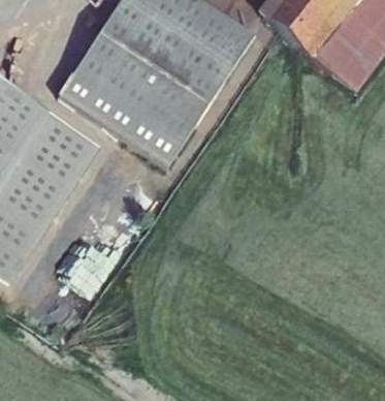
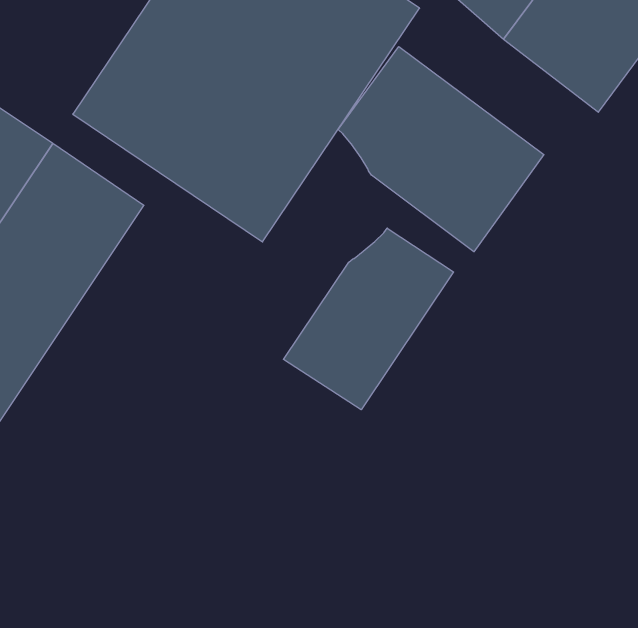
building: none -> [338,47,544,252]
building: none -> [283,228,454,410]

